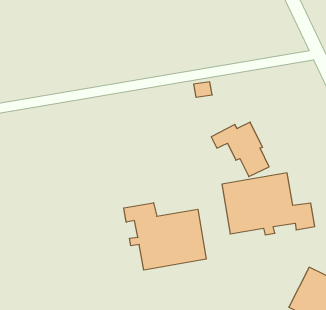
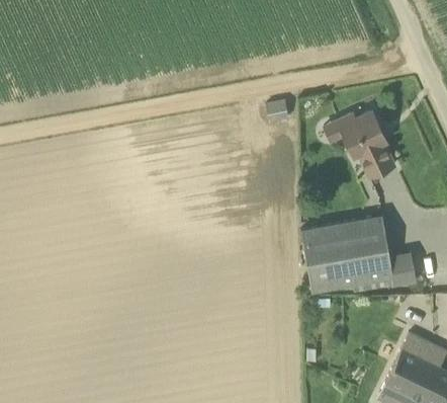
building: [211,122,269,177] -> [324,111,395,179]
building: [124,203,206,270] -> none

